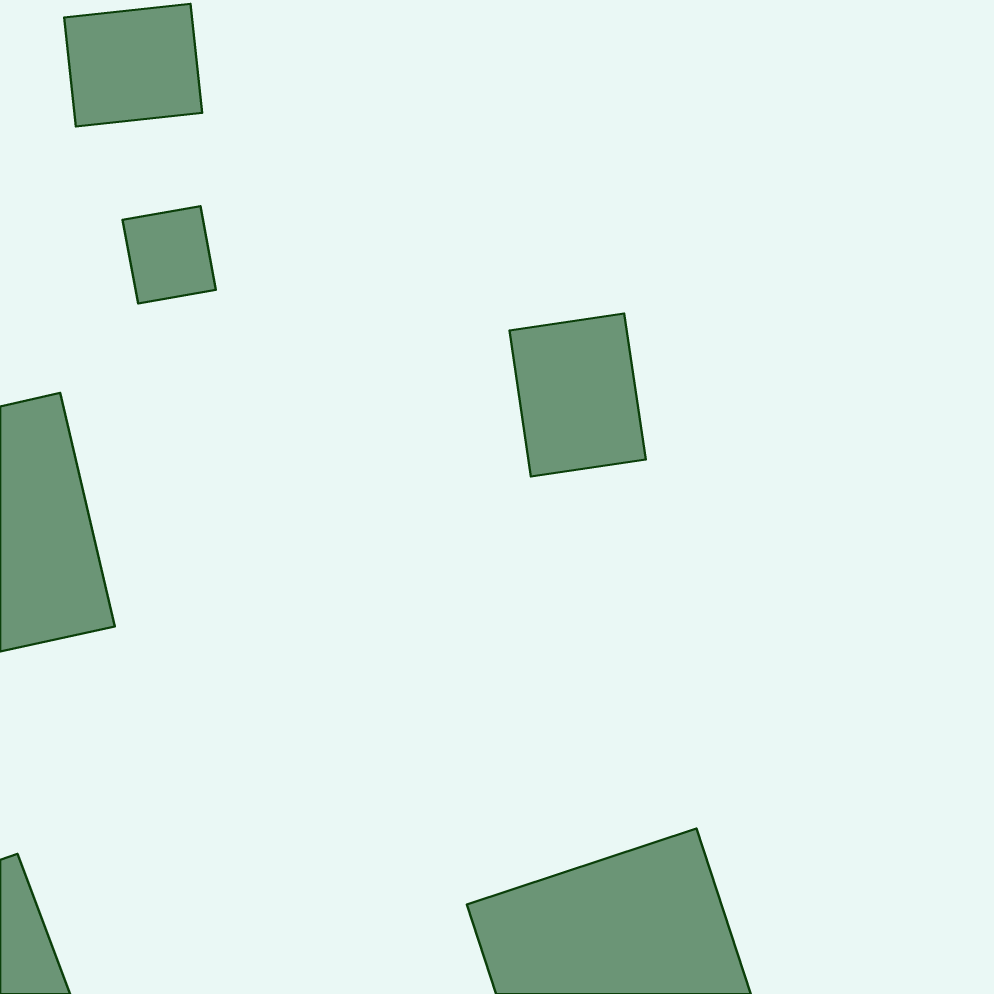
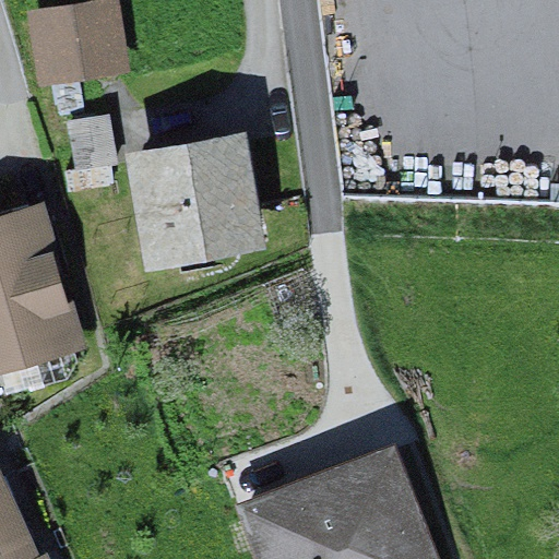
building: none -> [131,138,259,262]
building: [509,313,646,477] -> none

